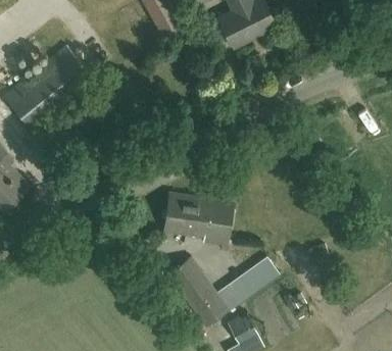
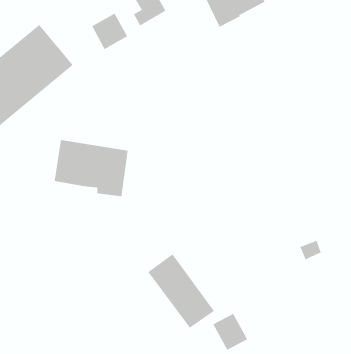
building: none -> [91,13,128,50]
building: [163,193,233,246] -> [54,139,129,197]
building: [217,256,280,310] -> none

